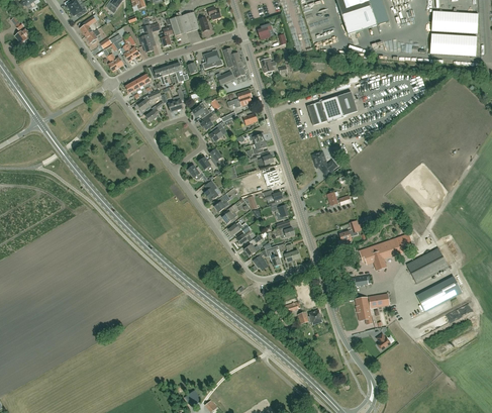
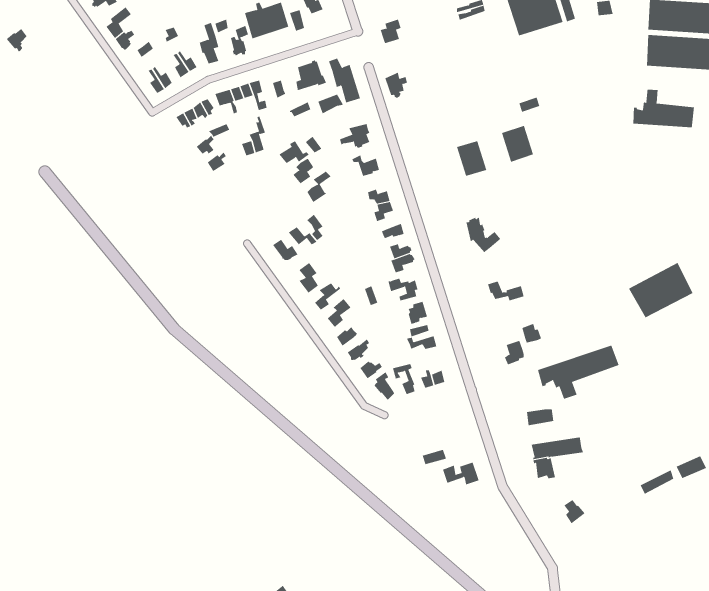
building: none -> [633,89,694,128]
building: [406,246,449,283] -> [628,262,694,318]
building: [417,275,462,310] -> none

